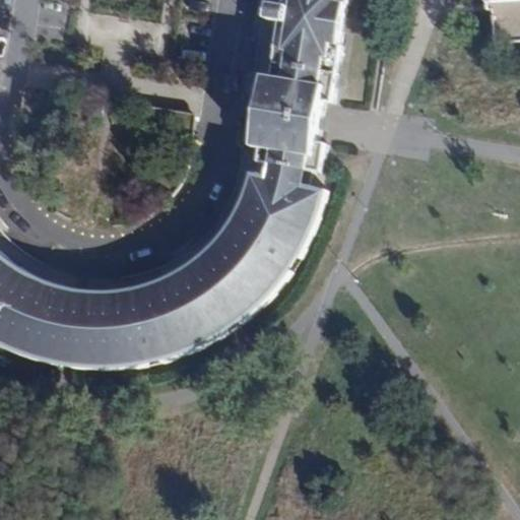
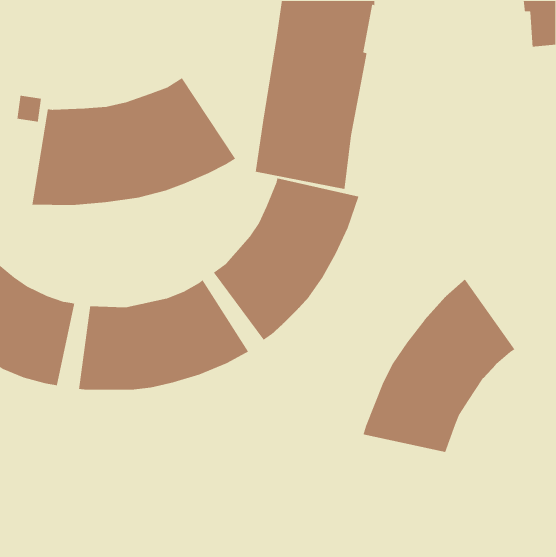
building: none -> [32,77,236,206]
building: none -> [363,279,516,453]

